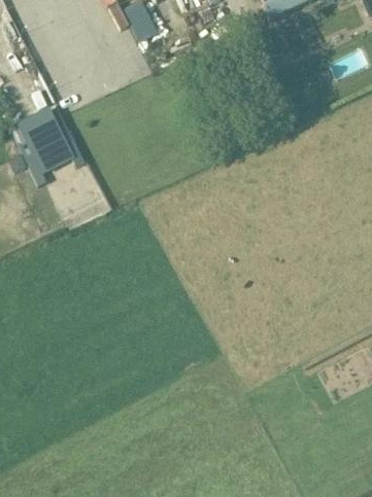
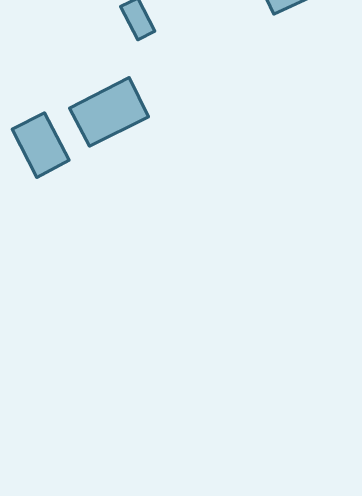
building: none -> [70,78,148,146]

